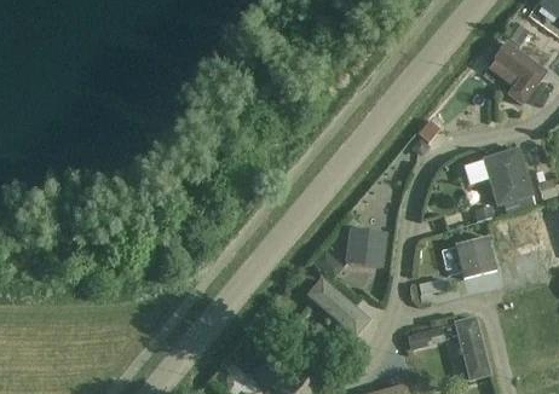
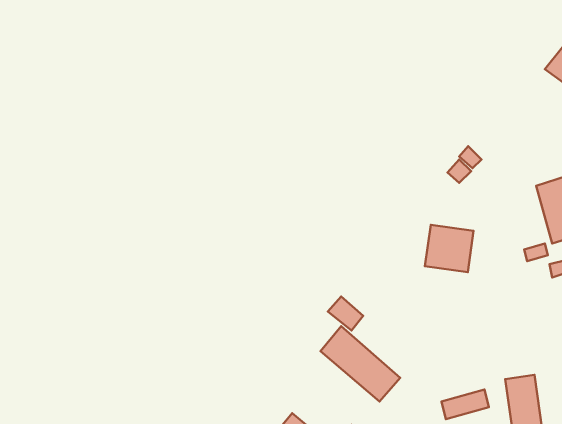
building: [345,228,385,267] -> [425,225,474,272]
building: [454,236,496,278] -> none

